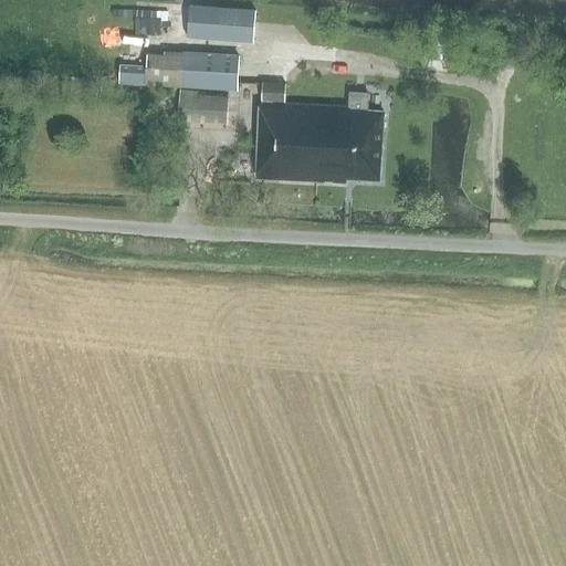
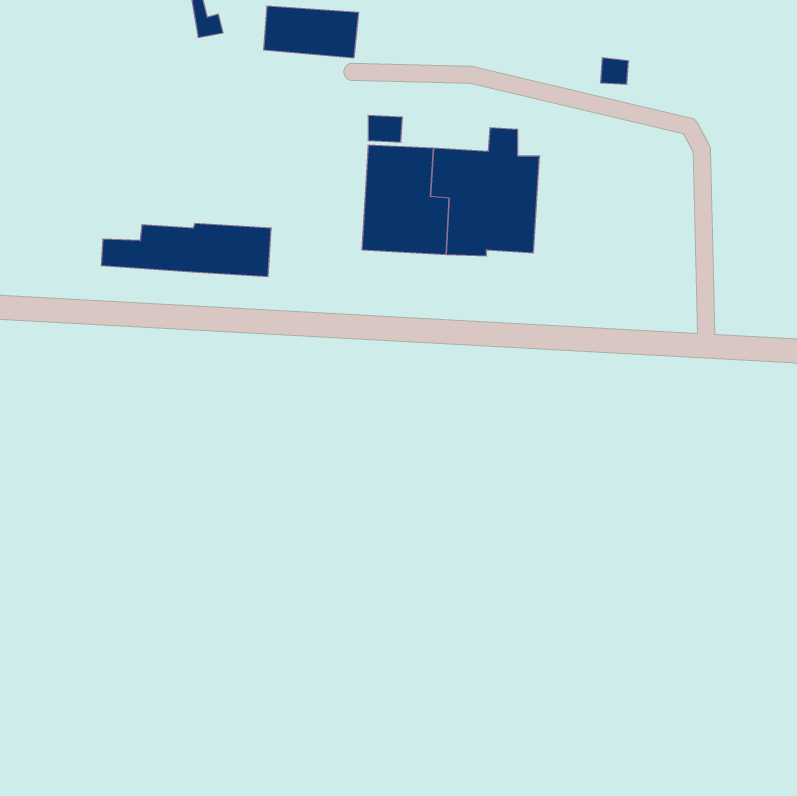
building: [117,52,238,90] -> [101,223,271,276]
building: [195,95,228,125] -> none

